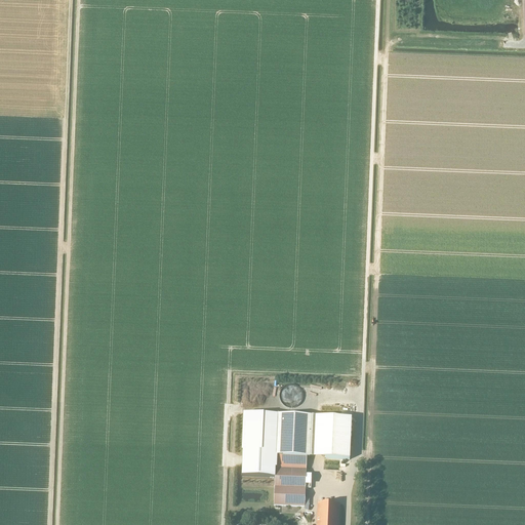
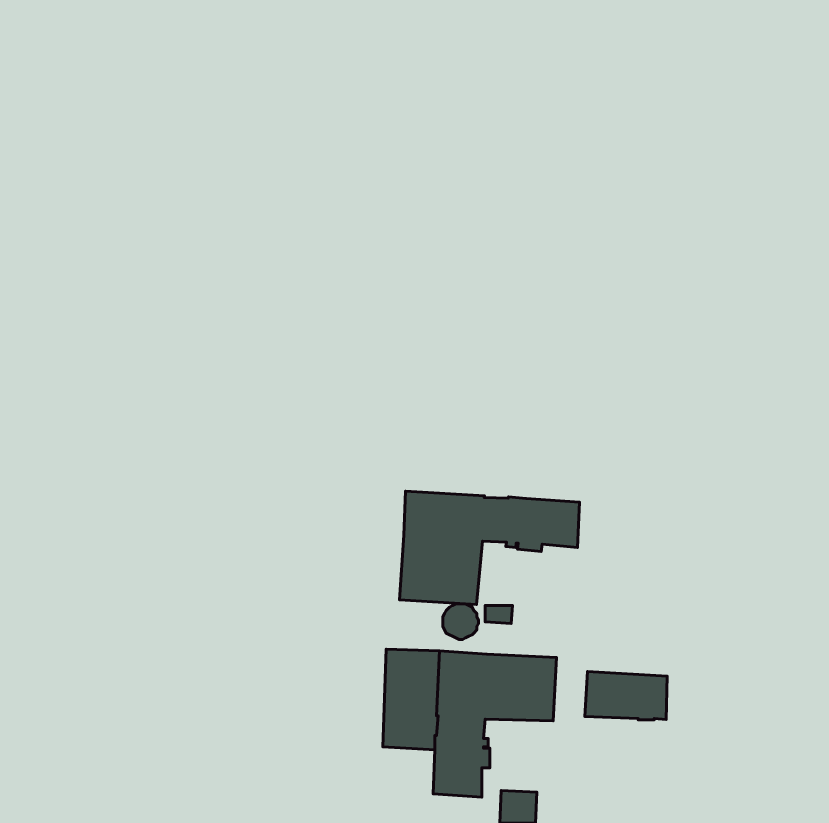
building: none -> [399,491,579,605]
building: none -> [585,672,667,720]

